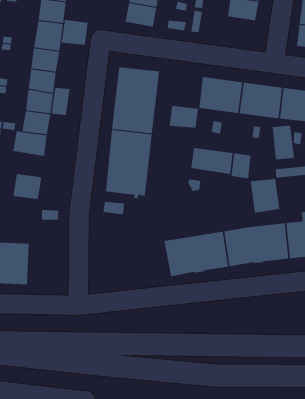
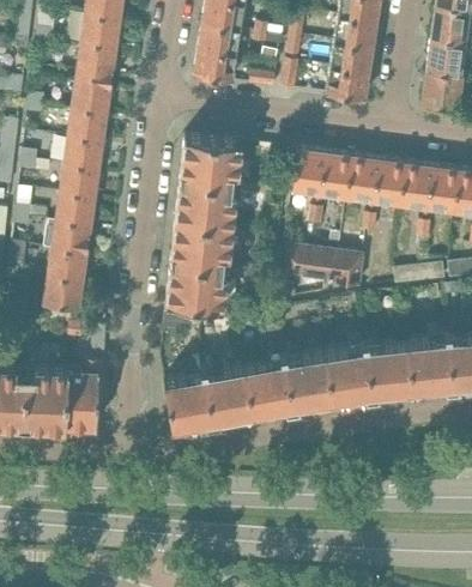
building: none -> [326,71,368,103]
building: [61,19,88,46] -> none
building: [51,87,70,116] -> none
building: [169,105,198,129] -> none
building: [272,125,295,160] -> none
building: none -> [48,252,86,285]
building: [250,178,280,213] -> none
building: none -> [63,347,104,430]
building: none -> [163,370,254,432]

